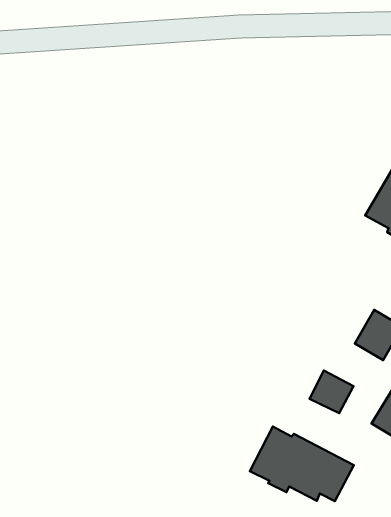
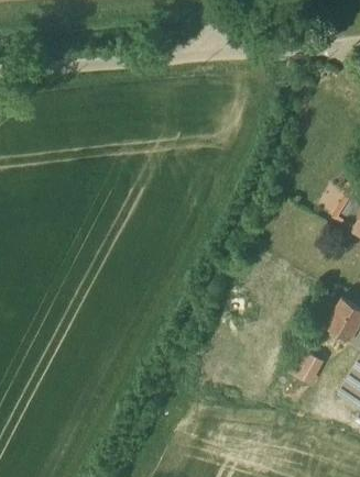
building: [250,426,354,501] -> none

